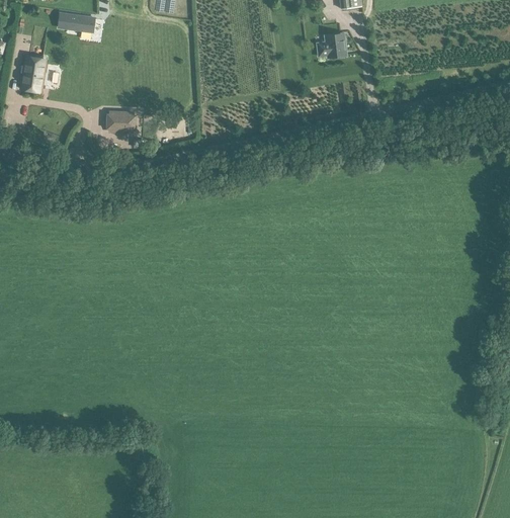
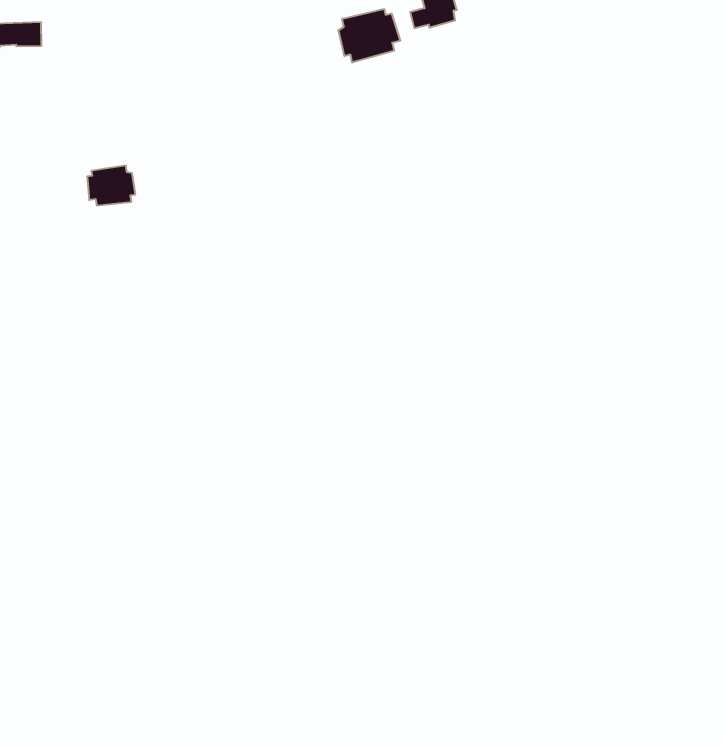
building: none -> [338,9,400,63]

